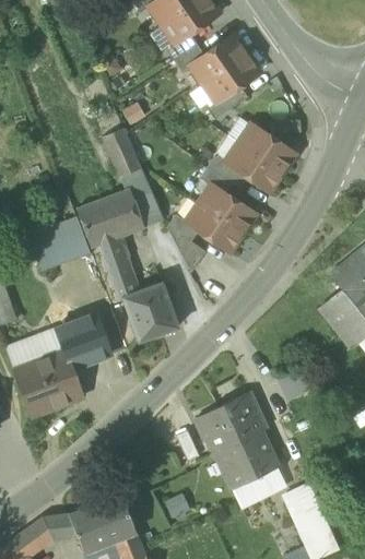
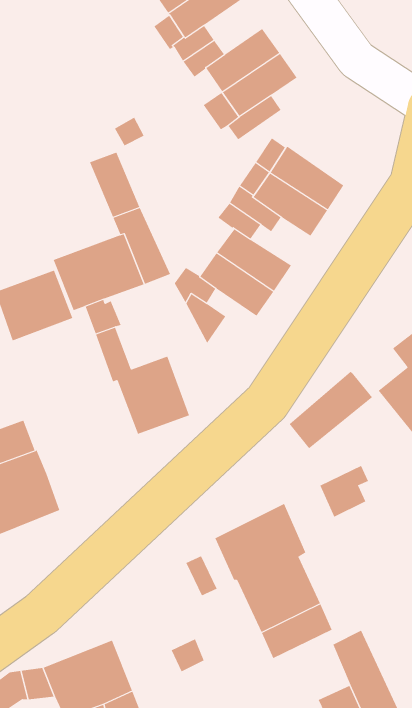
building: none -> [289,371,373,449]
building: [55,313,110,369] -> none

